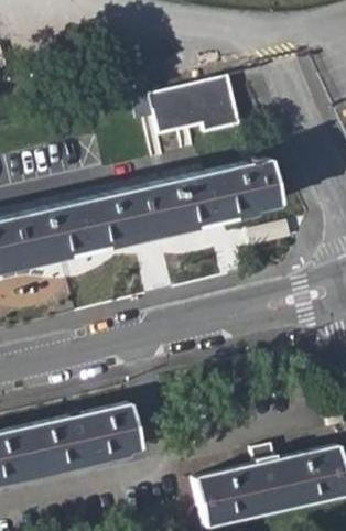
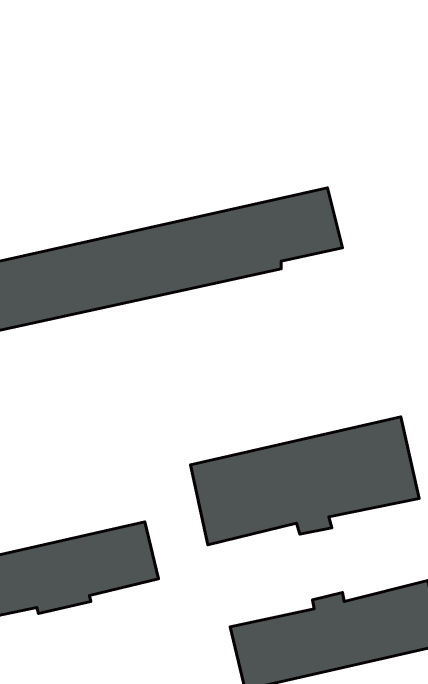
building: [132,76,239,136] -> none
building: none -> [190,417,419,545]

